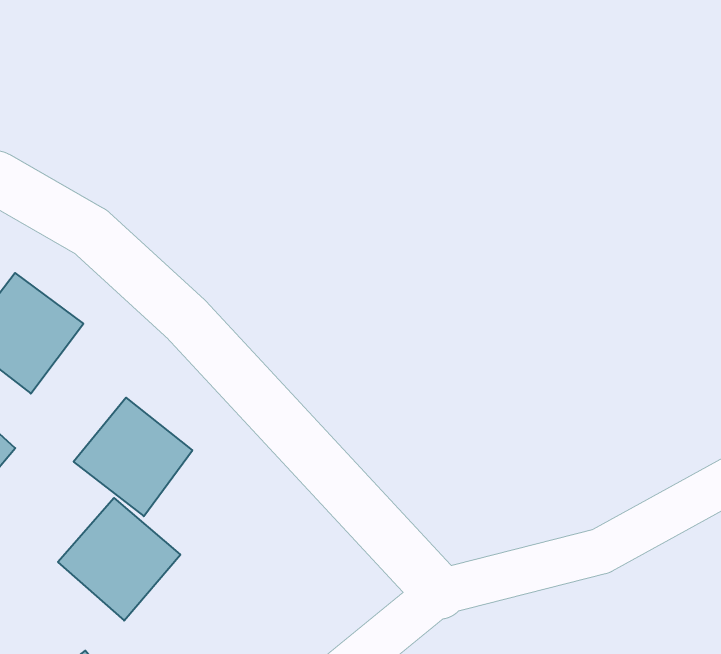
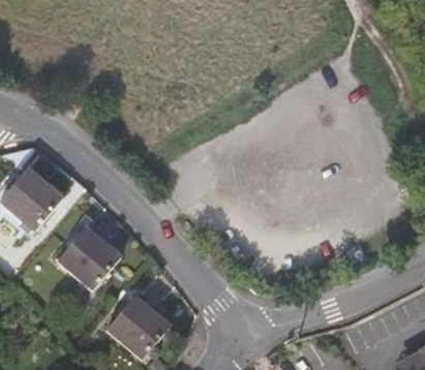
building: [58,498,180,621] -> [110,290,175,356]

